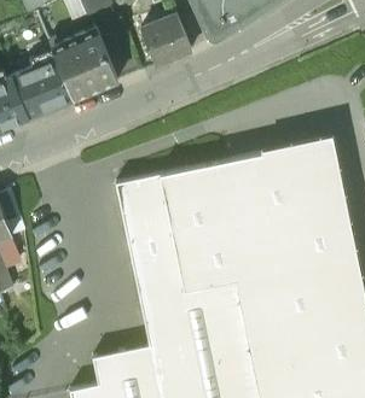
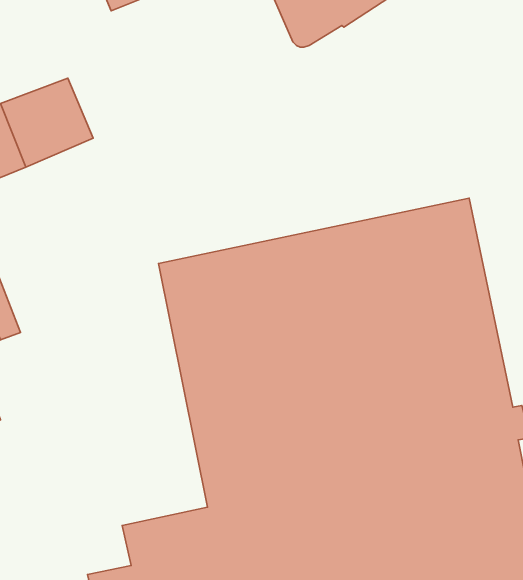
building: [141,16,191,66] -> none
building: [51,29,118,100] -> none

